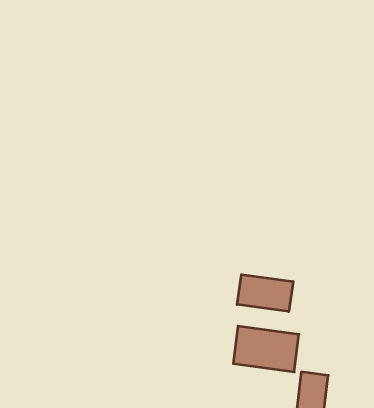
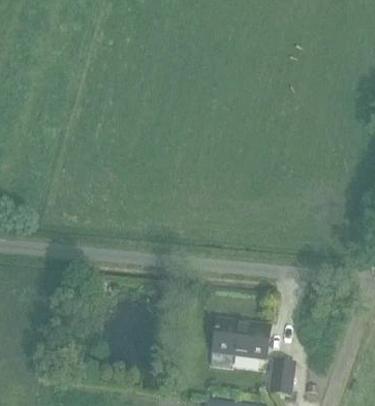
building: [237,275,293,312] -> none

